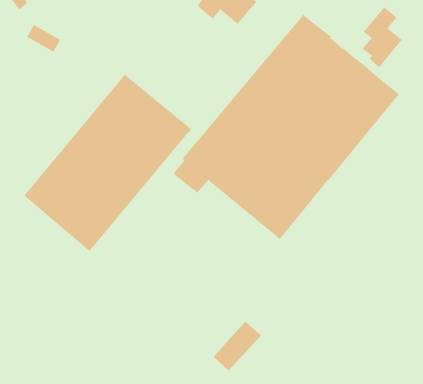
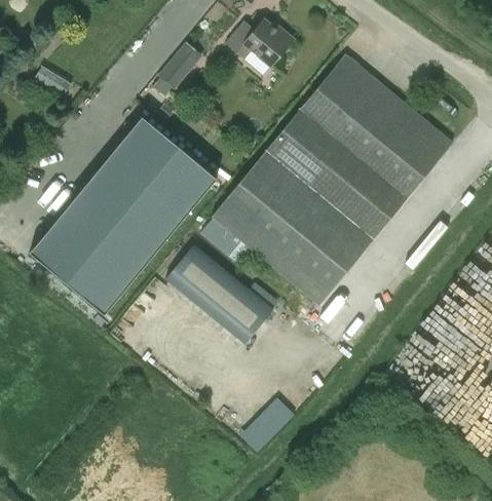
building: [362,6,402,68] -> none
building: none -> [157,49,195,88]
building: none -> [165,243,272,343]

